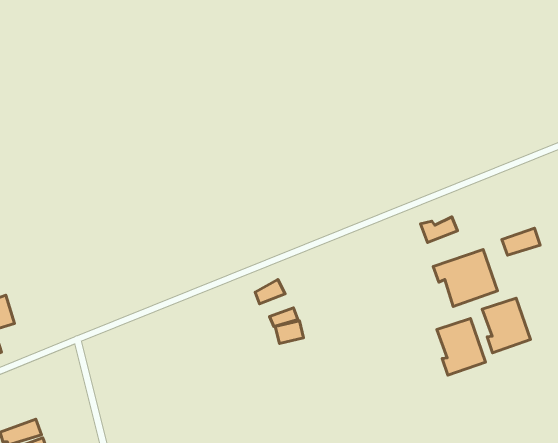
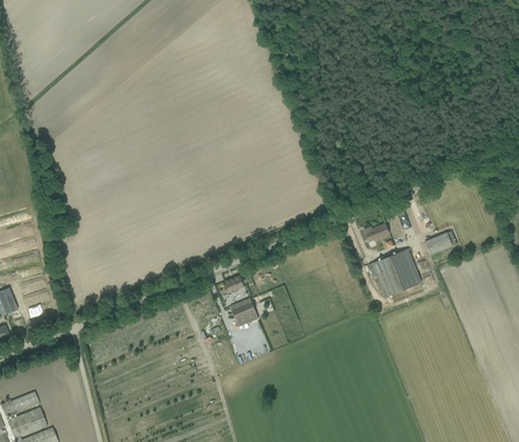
building: [482,298,530,353] -> none
building: [437,318,485,375] -> none

